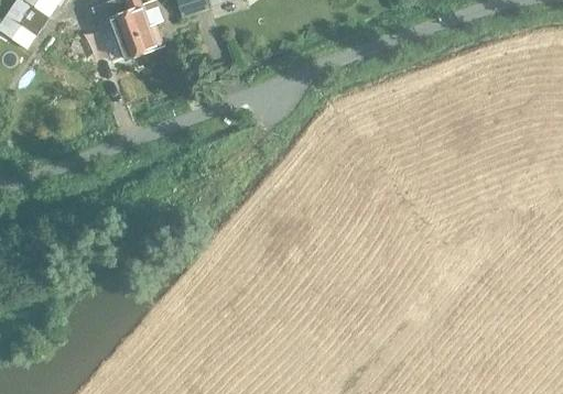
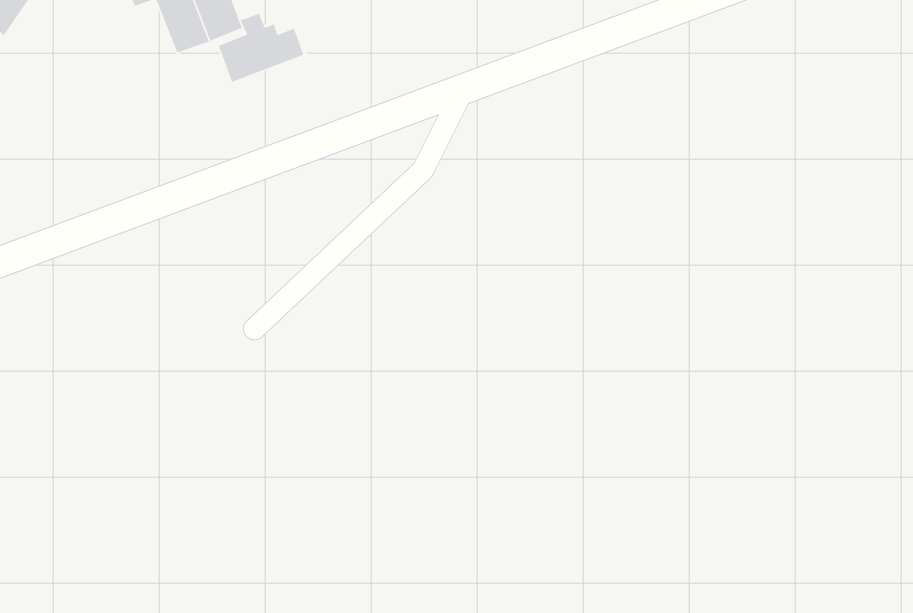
building: none -> [218,13,306,83]

